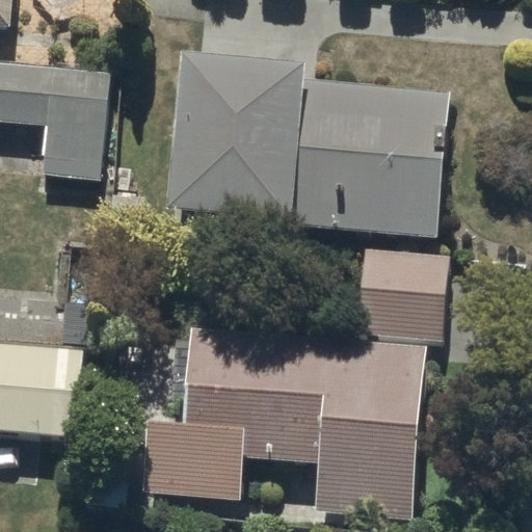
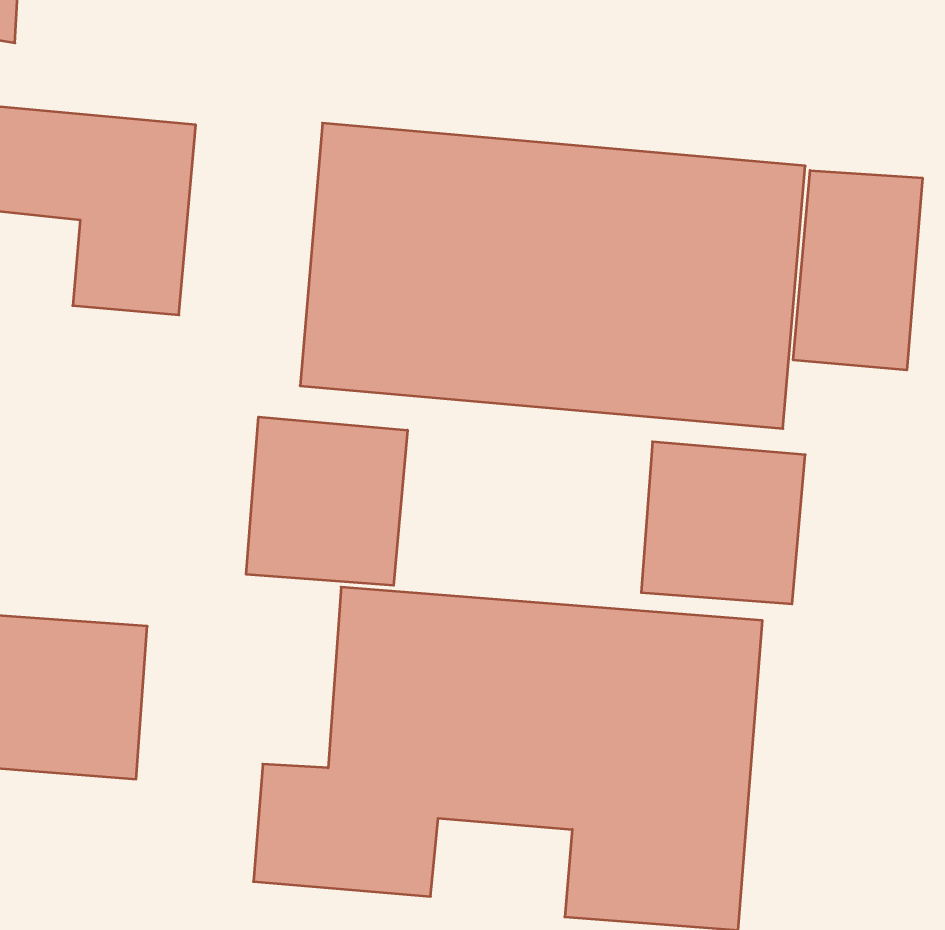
building: none -> [793,170,922,370]
building: none -> [246,417,407,585]

